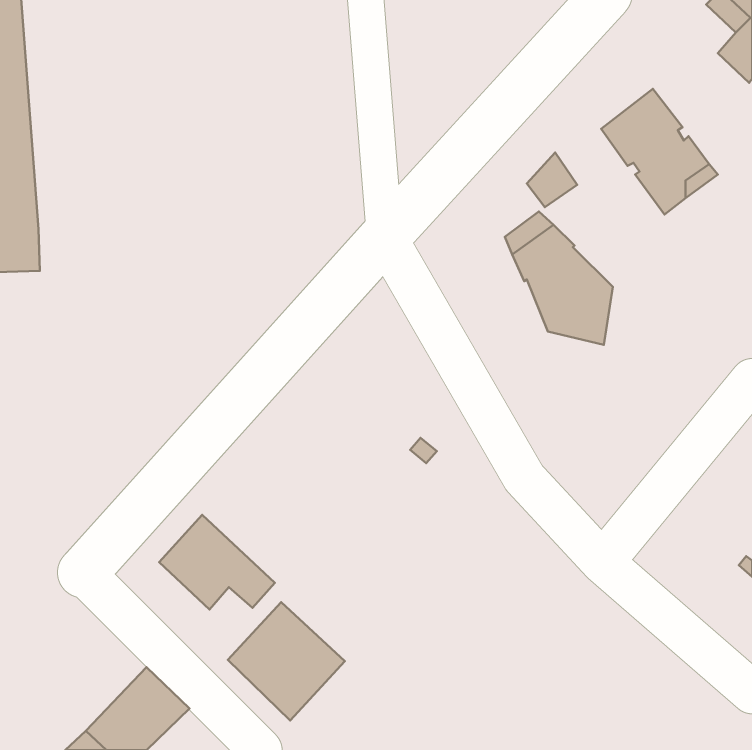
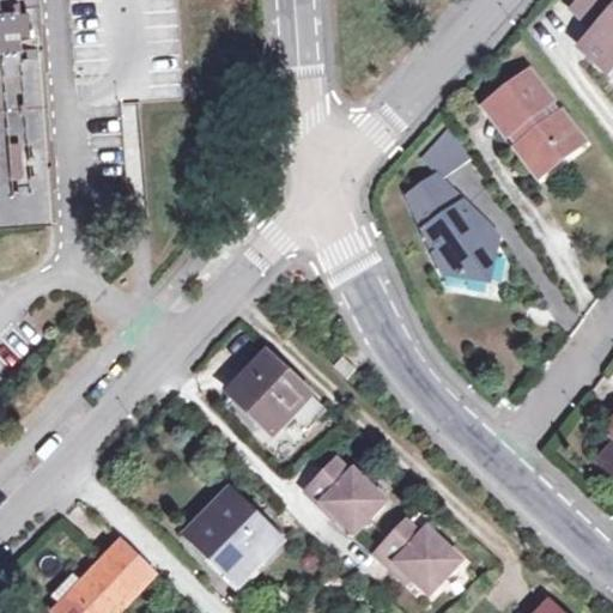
building: [159,515,275,609] -> [232,352,326,429]
building: none -> [308,457,384,530]
building: none -> [375,518,460,591]

